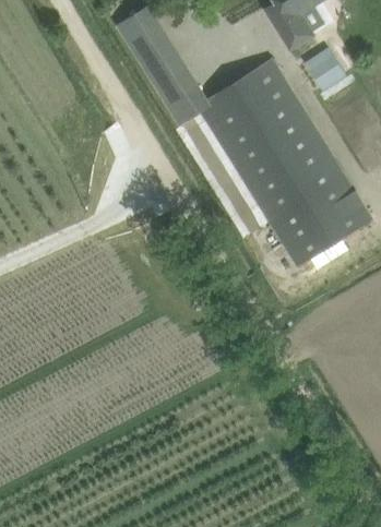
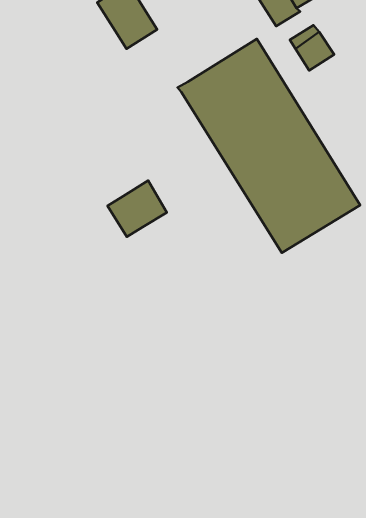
building: [146,51,205,124] -> none
building: none -> [108,180,167,237]

